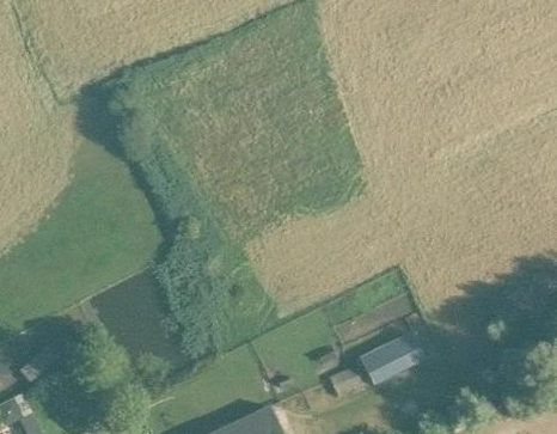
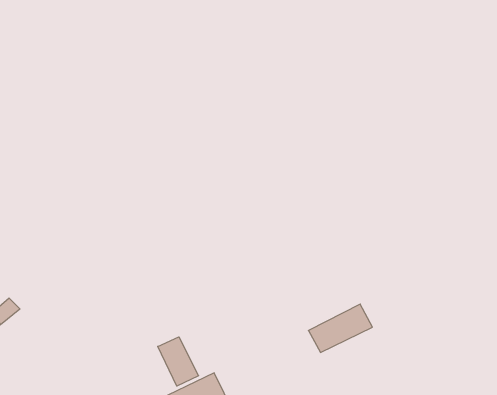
building: none -> [158,337,199,386]

